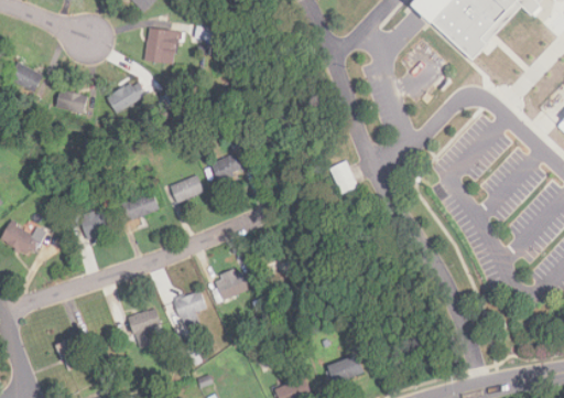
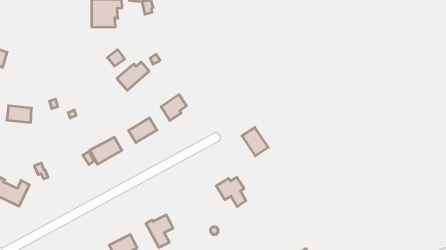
building: [107,82,145,112] -> [117,62,149,90]
building: [55,89,86,112] -> [7,106,32,122]
building: [329,160,358,193] -> [242,127,268,156]
building: [79,211,112,236] -> none
building: [210,271,248,302] -> none

